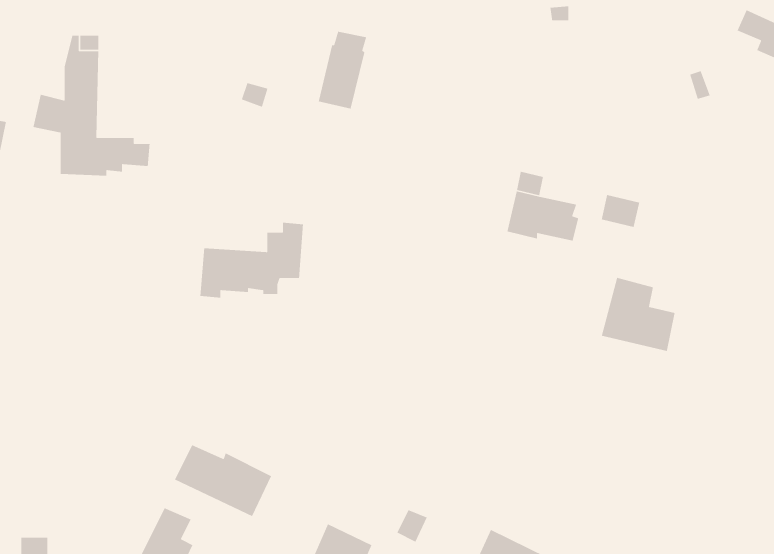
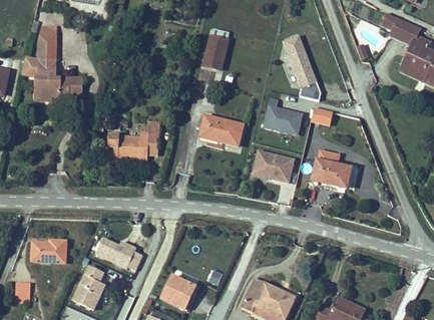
building: [318,31,367,110] -> [203,29,229,69]
building: none -> [282,36,317,88]
building: none -> [200,115,243,145]
building: none -> [253,150,294,182]
building: none -> [32,240,66,262]

